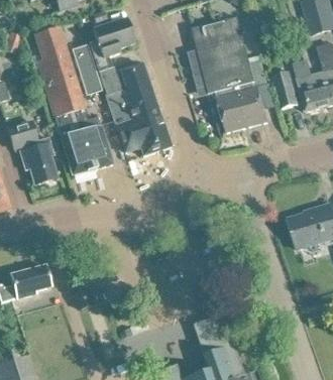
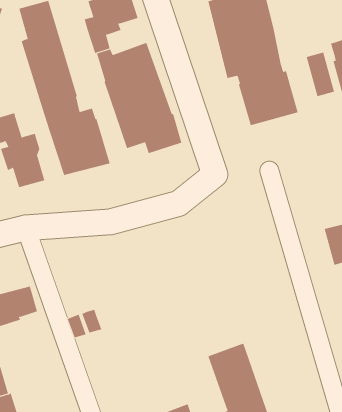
building: [71,44,98,88] -> none

